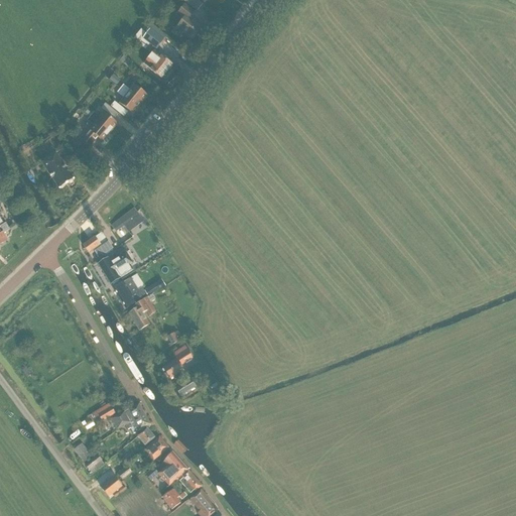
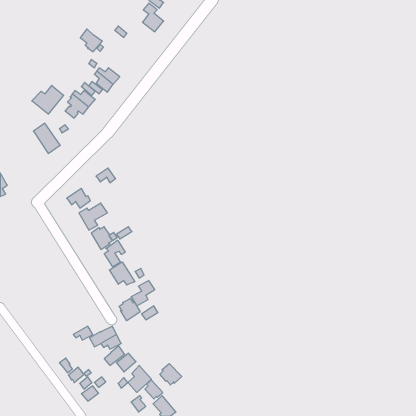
building: [145,49,172,78] -> [80,29,102,52]
building: none -> [32,85,64,114]
building: none -> [109,262,135,285]
building: none -> [119,298,140,321]
building: none -> [160,364,182,385]

